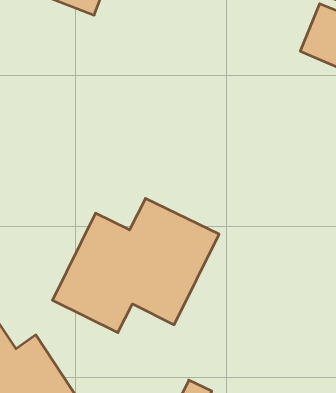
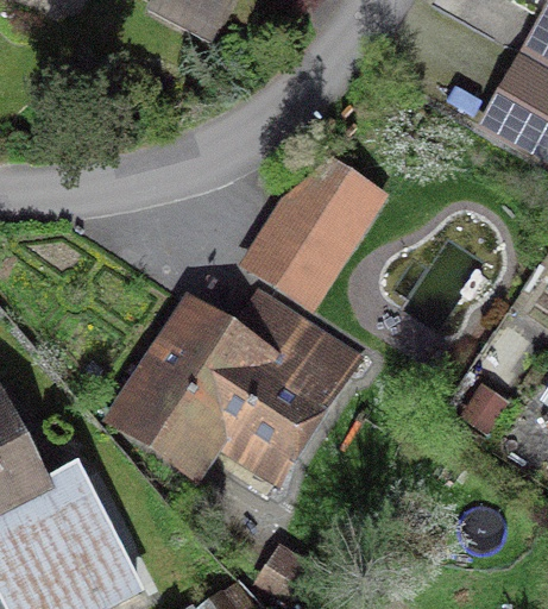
building: none -> [248,162,374,306]

